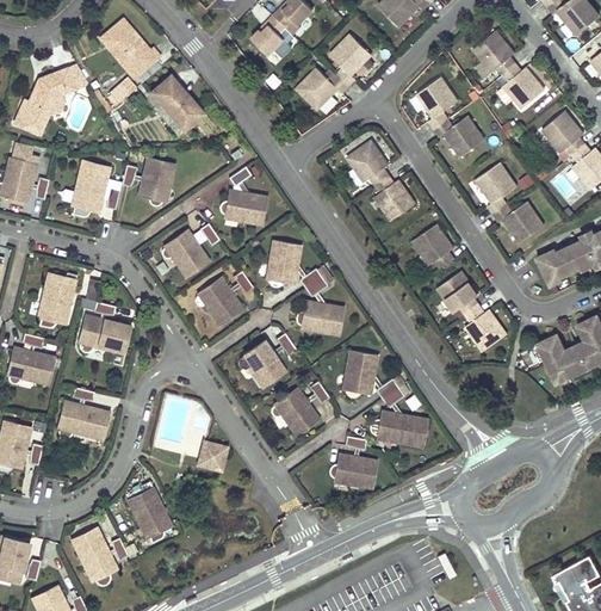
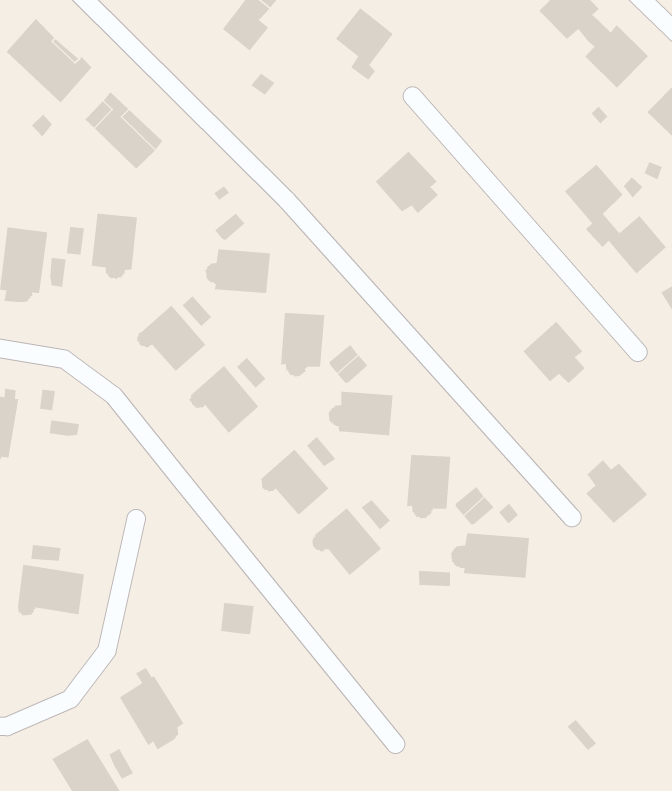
building: [296,67,348,110] -> none
building: [417,76,485,158] -> none
building: [372,172,416,221] -> none
building: [410,224,454,267] -> none
building: [463,306,507,352] -> [585,459,648,524]
building: [81,313,132,352] -> none
building: [324,451,373,487] -> none

